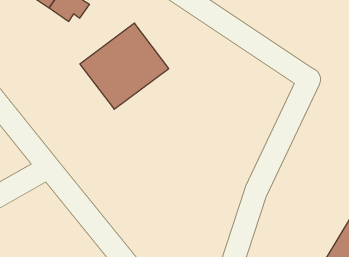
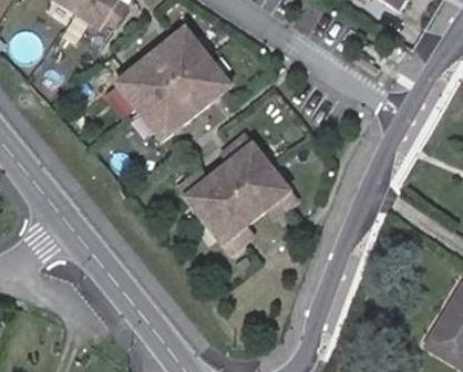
building: none -> [177,140,290,252]

